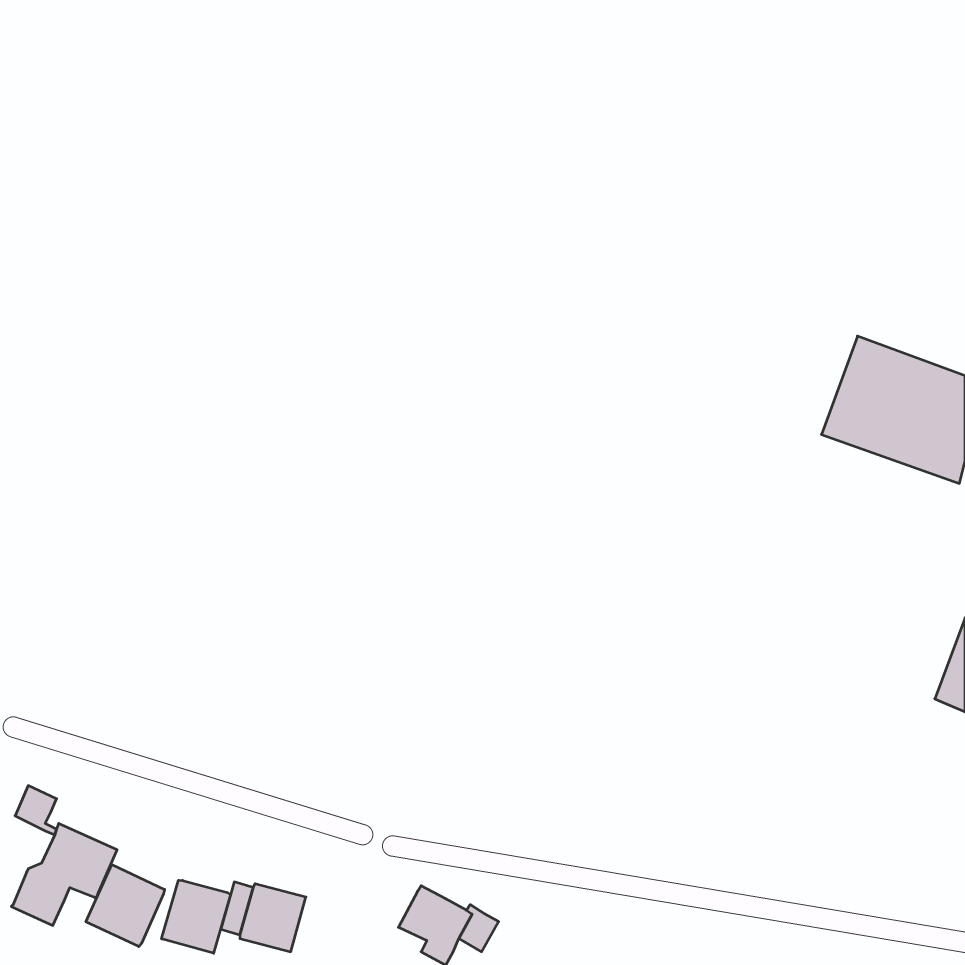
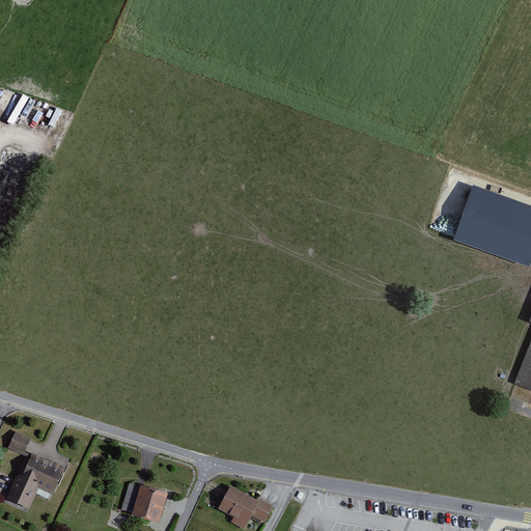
building: [86,865,165,947] -> none
building: [162,880,231,953] -> none

